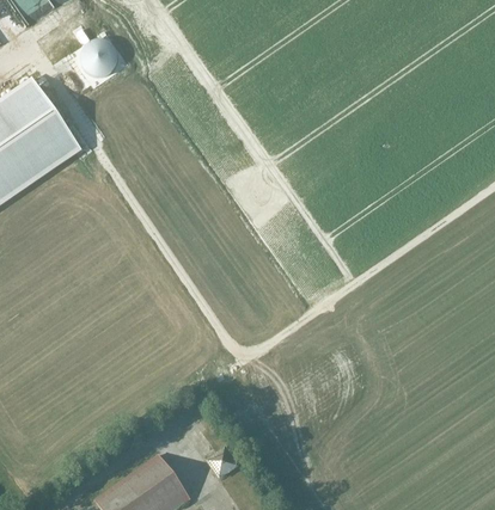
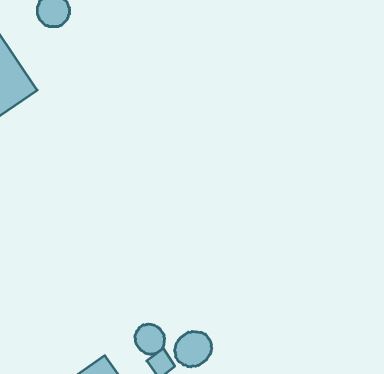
building: none -> [135,324,165,354]
building: none -> [175,331,212,367]

